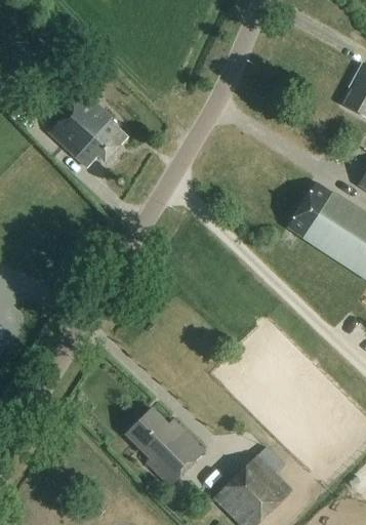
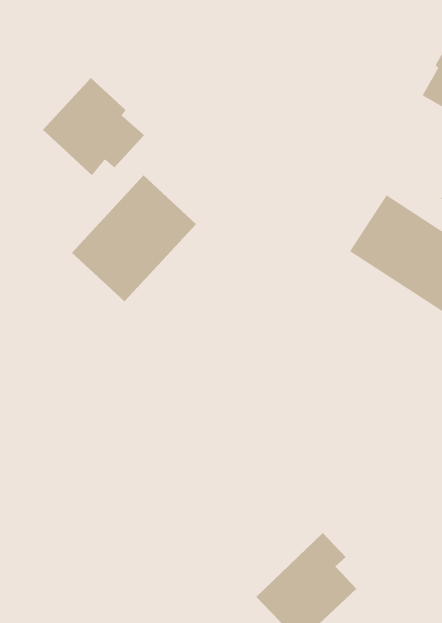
building: none -> [71,175,197,302]
building: [126,407,205,487] -> none

